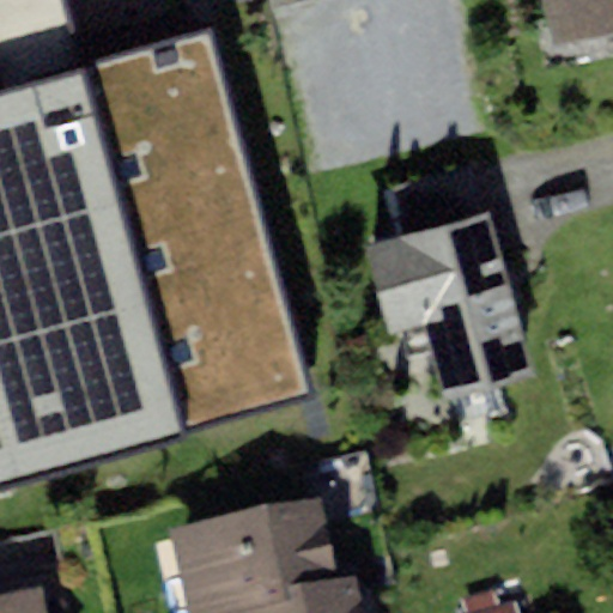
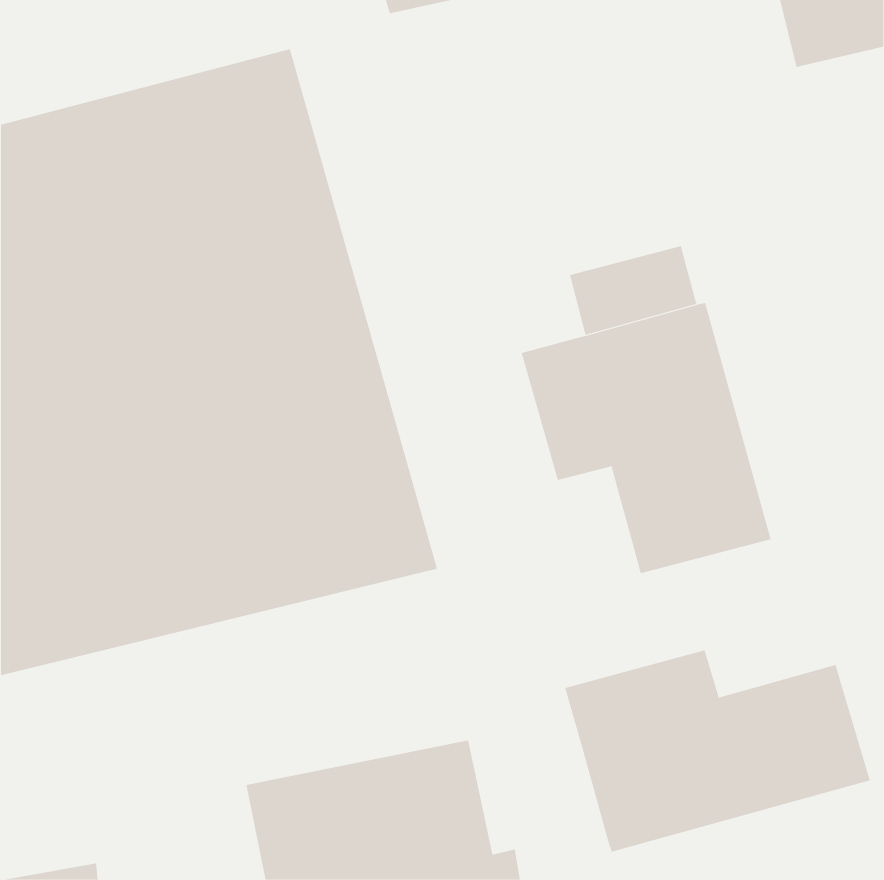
building: none -> [565,649,870,852]

